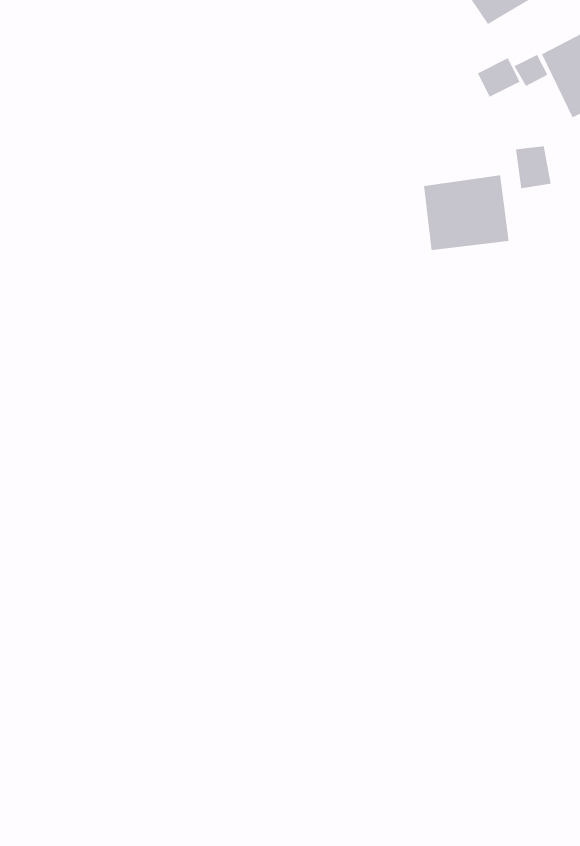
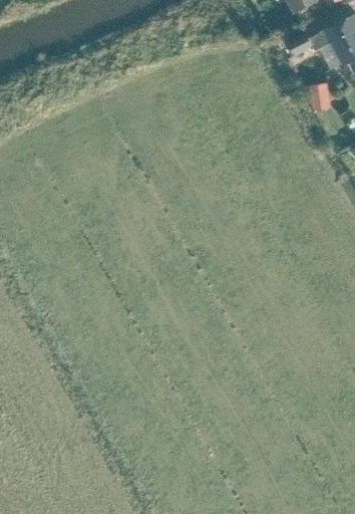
building: [423,175,509,251] -> none

